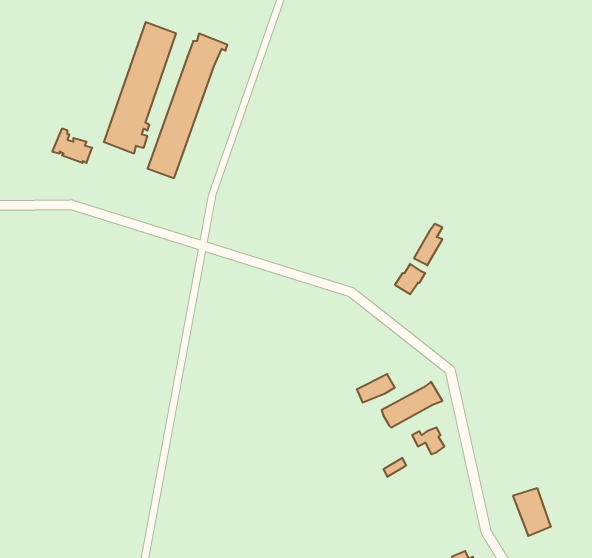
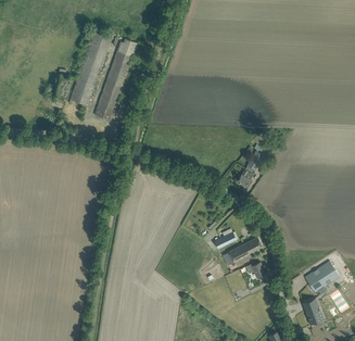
building: none -> [304,261,339,292]

